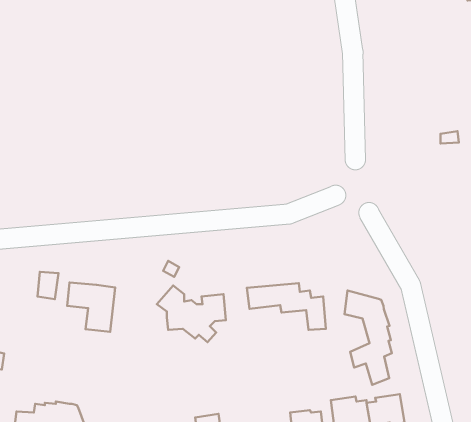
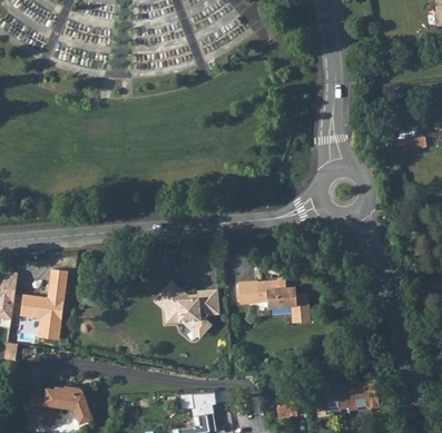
building: [67,282,115,332] -> [20,296,63,341]
building: [345,291,392,385] -> none

